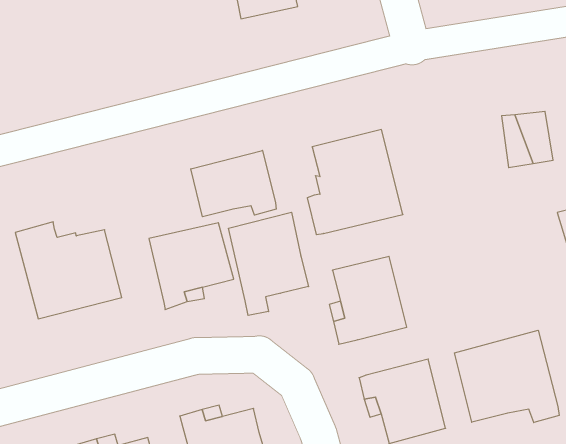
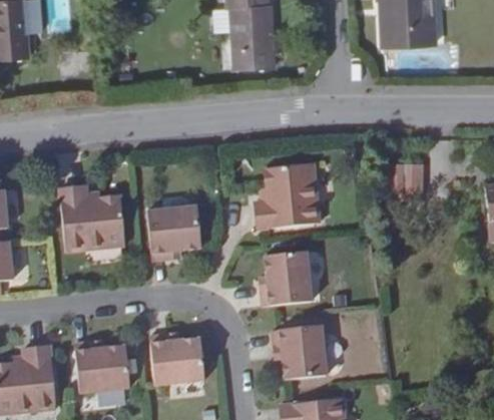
building: [191,150,276,217] -> none
building: [229,212,309,315] -> none
building: [454,330,559,423] -> none

